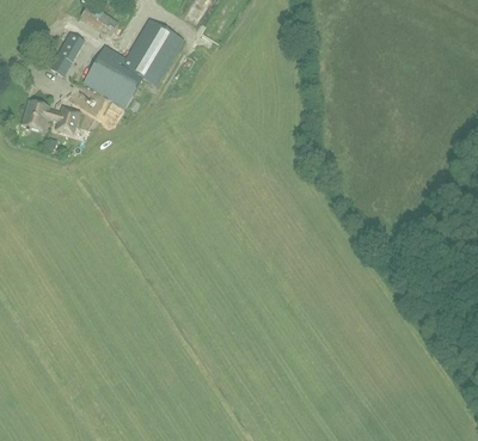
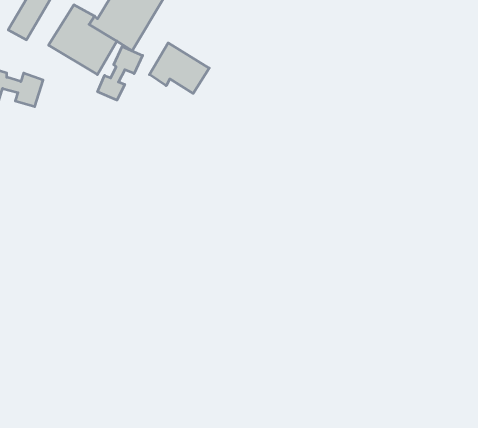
building: none -> [149,43,209,93]
building: none -> [98,46,143,100]

